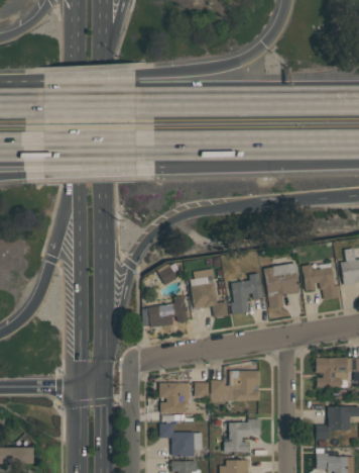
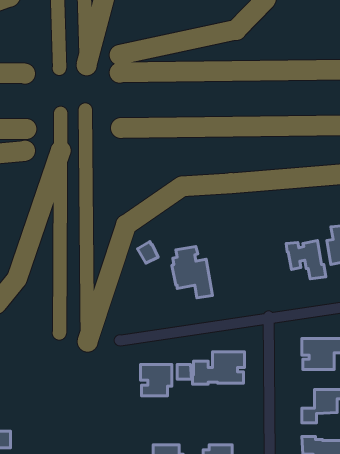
building: [263,263,301,309] -> none
building: [230,274,263,314] -> none
building: [147,297,191,327] -> none
building: [224,419,260,453] -> none
building: [159,424,202,457] -> none

